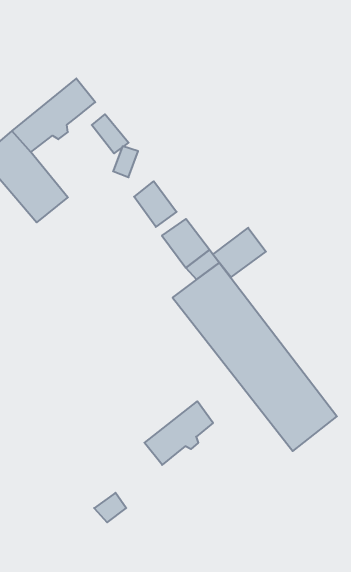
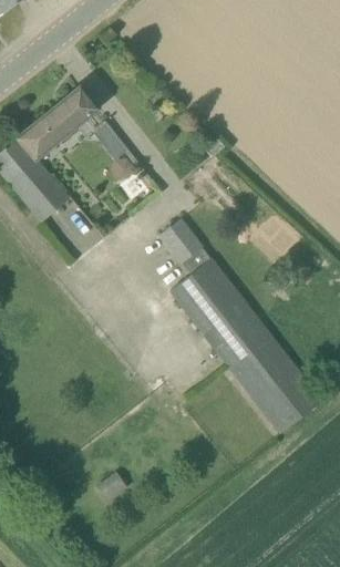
building: [134,181,177,227] -> none
building: [213,228,266,277] -> none
building: [144,401,213,465] -> none

